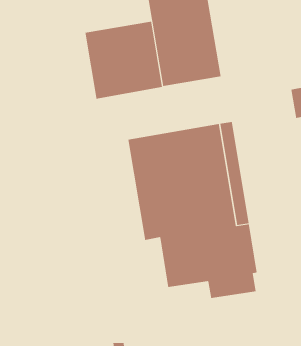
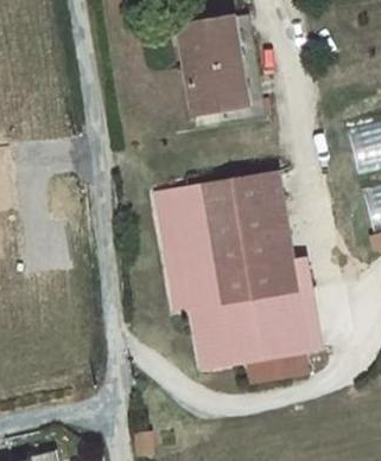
building: [85,21,163,99] -> none

